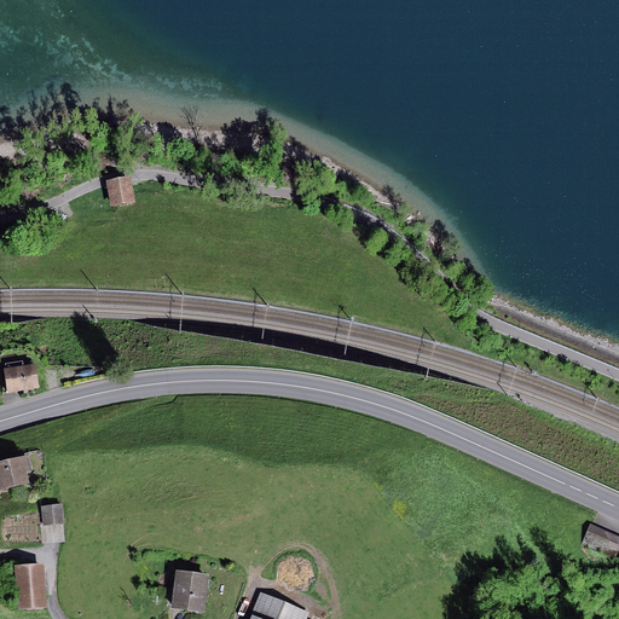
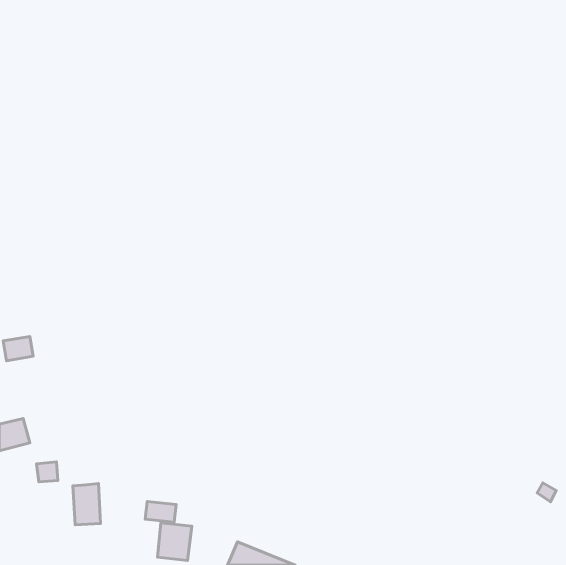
building: [105,178,134,207] -> none
building: none -> [145,501,176,522]
building: [15,563,45,608] -> [73,484,101,525]

